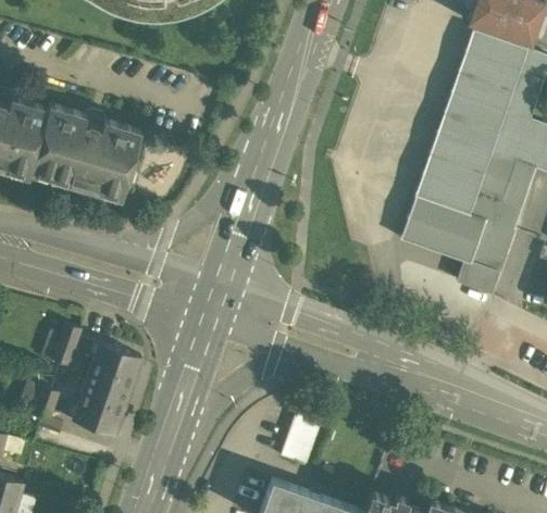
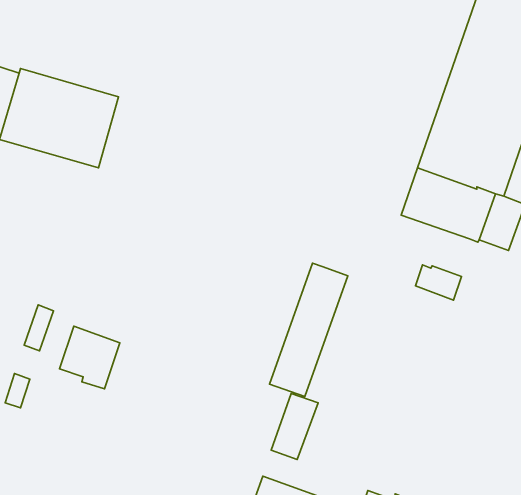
building: [457,263,499,296] -> [416,265,462,300]
building: none -> [270,263,348,397]
building: [73,383,127,436] -> none

